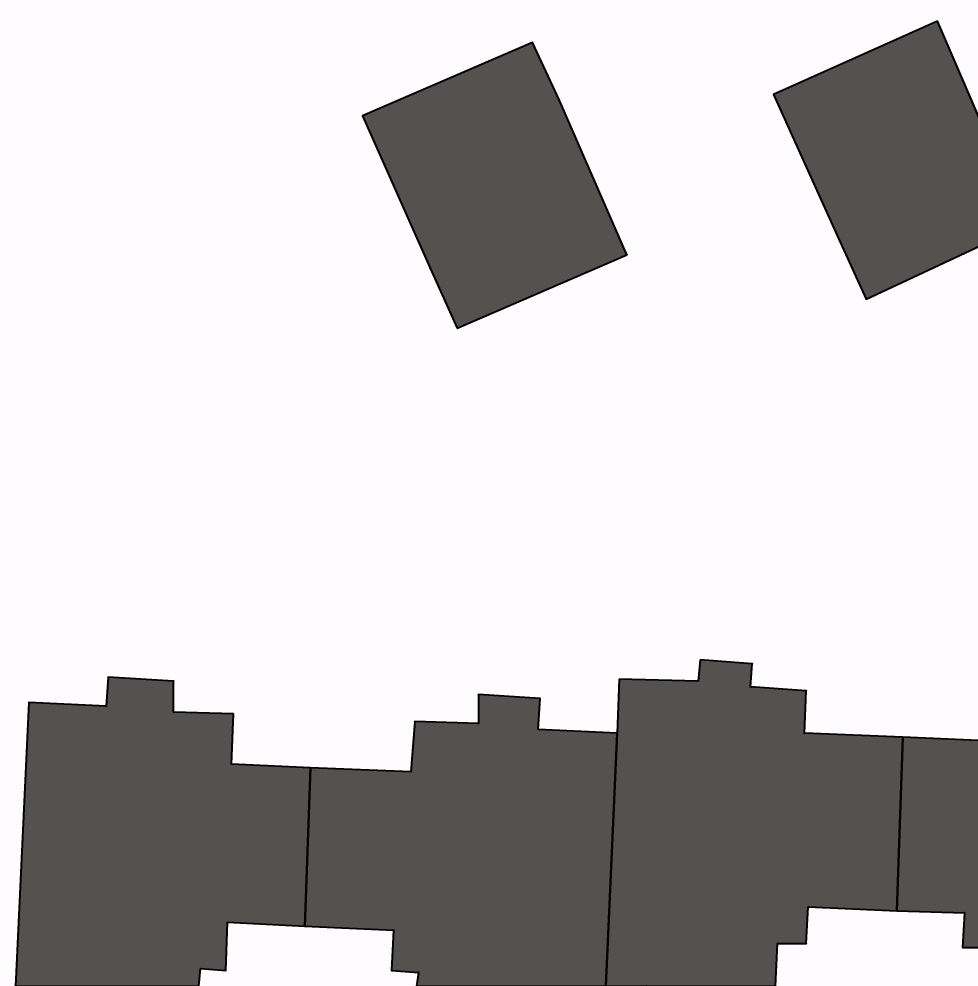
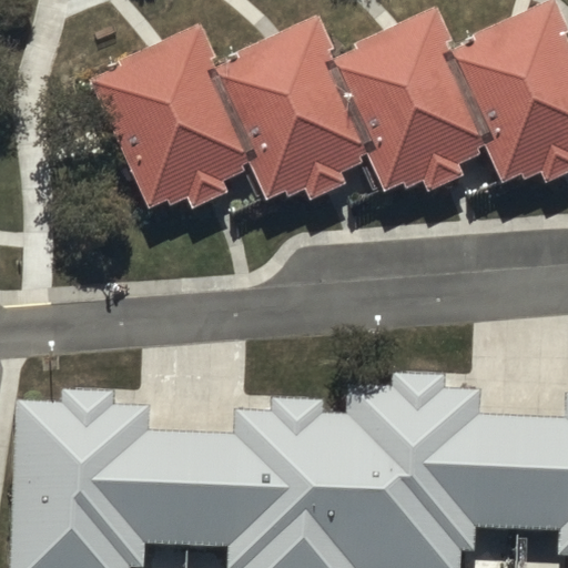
building: none -> [326,12,486,181]
building: none -> [95,34,252,200]

